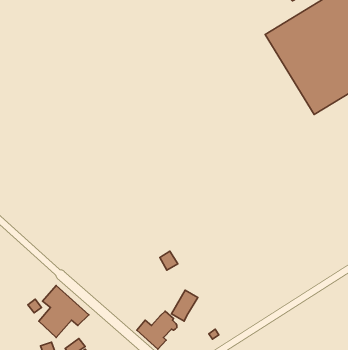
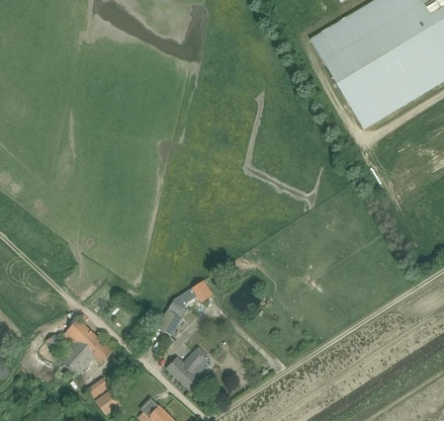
building: [171,290,198,321] -> [157,301,186,335]

